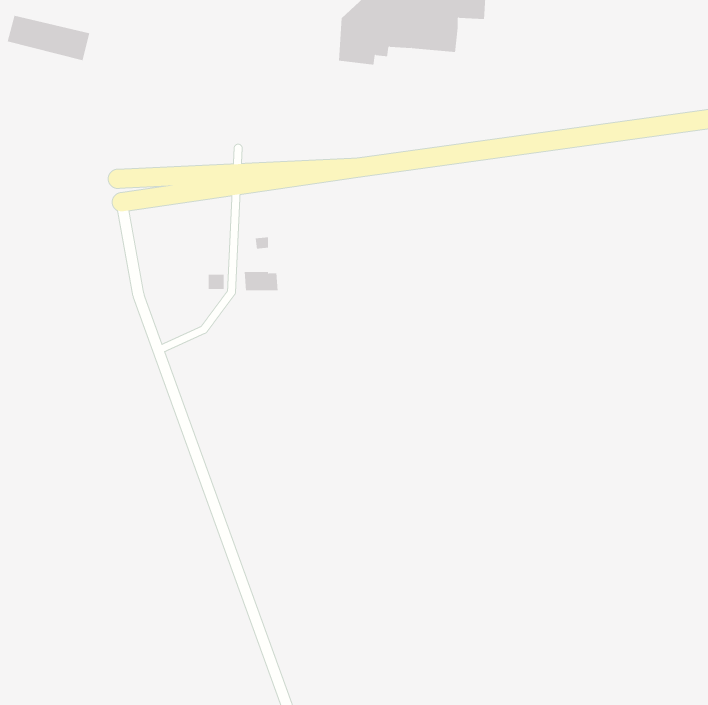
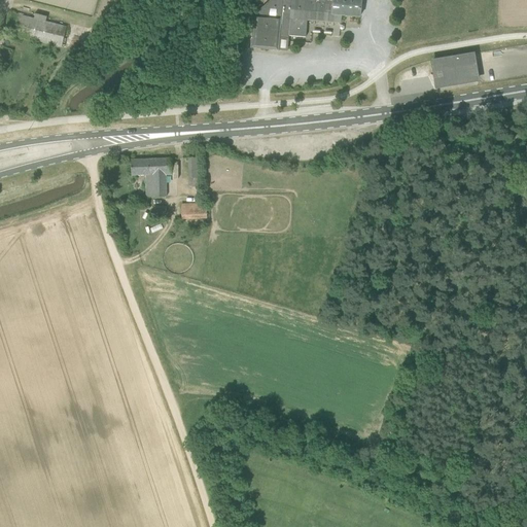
building: none -> [432,51,478,84]
building: none -> [131,156,172,195]

